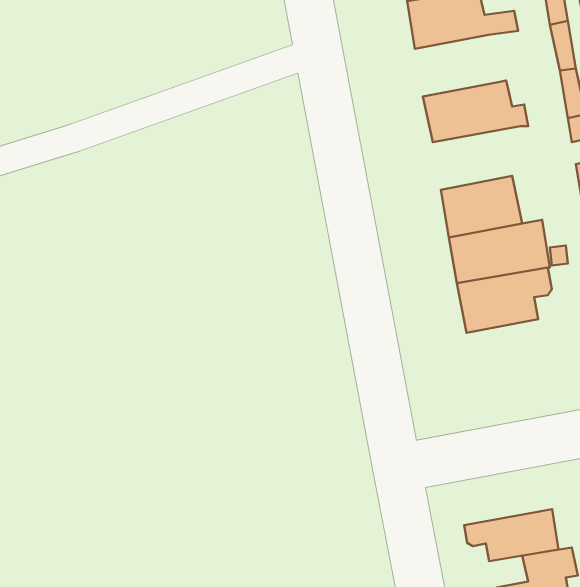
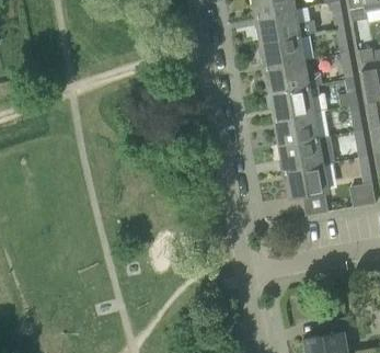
building: none -> [261,34,306,68]
building: none -> [270,84,327,119]
building: [464,509,559,561] -> none

